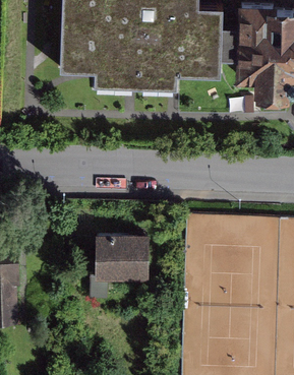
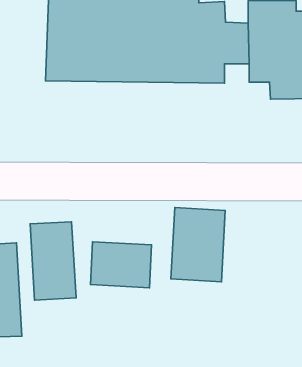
building: none -> [171,208,225,282]
building: none -> [30,222,76,300]

